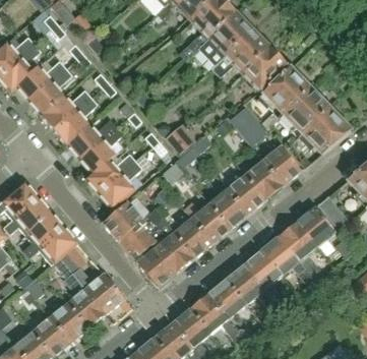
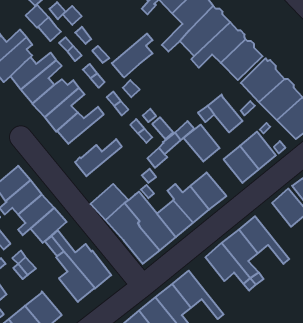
building: [79,126,123,173] -> [112,34,153,77]
building: [99,161,142,207] -> none
building: [227,174,265,214] -> [183,125,220,162]
building: [279,221,324,281] -> none
building: [207,279,246,318] -> none
building: [51,301,89,341] -> none

